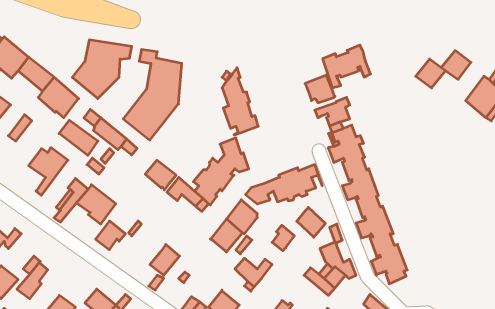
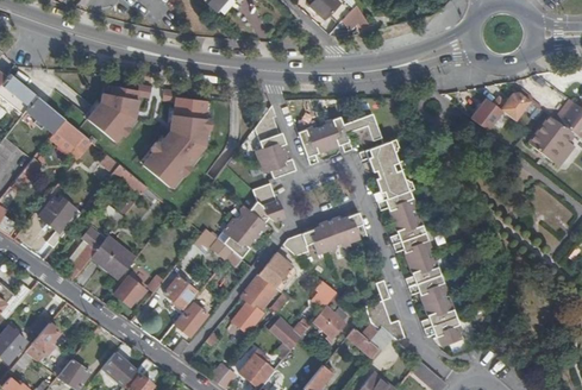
building: [323,45,371,88] -> [298,117,351,164]
building: [59,120,98,155] -> none
building: [145,160,176,190] -> [164,277,199,310]
building: [297,207,325,237] -> [313,306,345,339]
building: none -> [229,297,262,331]

